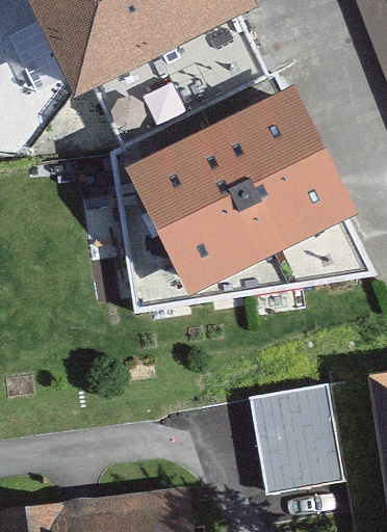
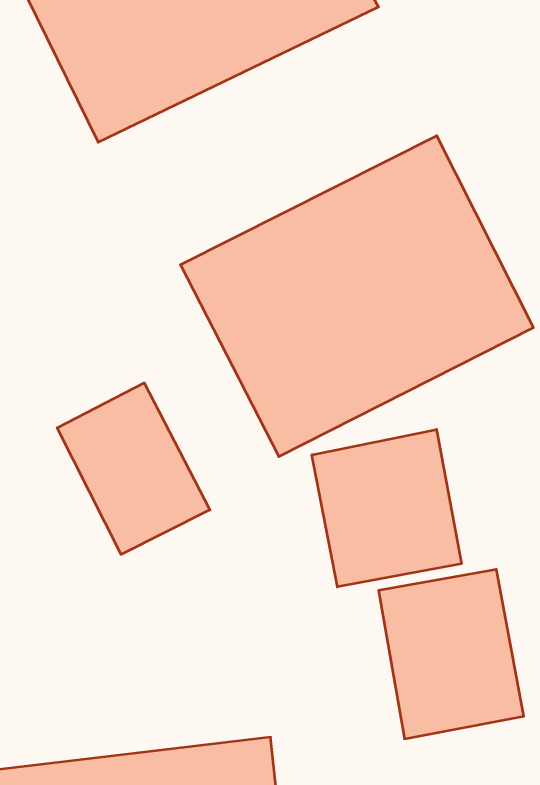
building: none -> [57,383,210,554]
building: none -> [312,429,461,587]

